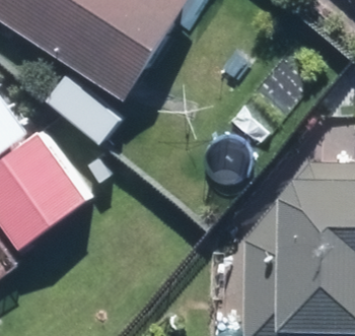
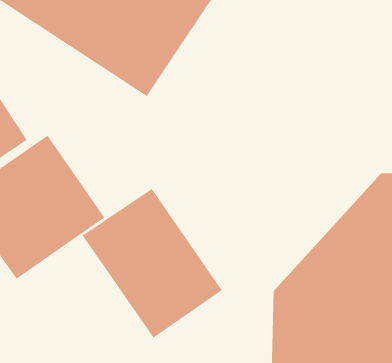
building: none -> [82,188,222,338]

